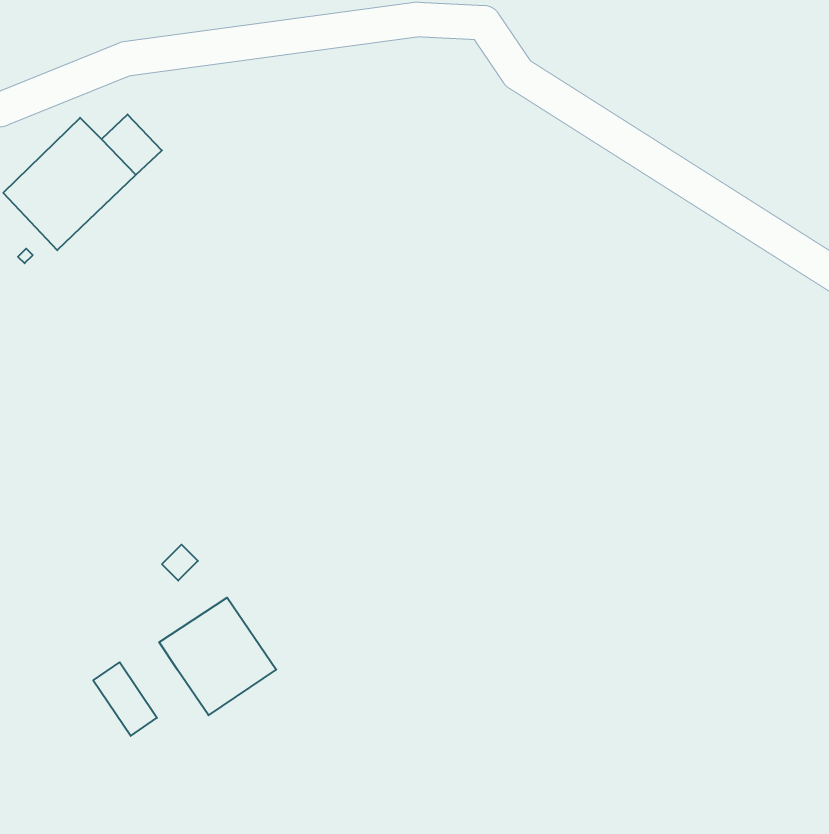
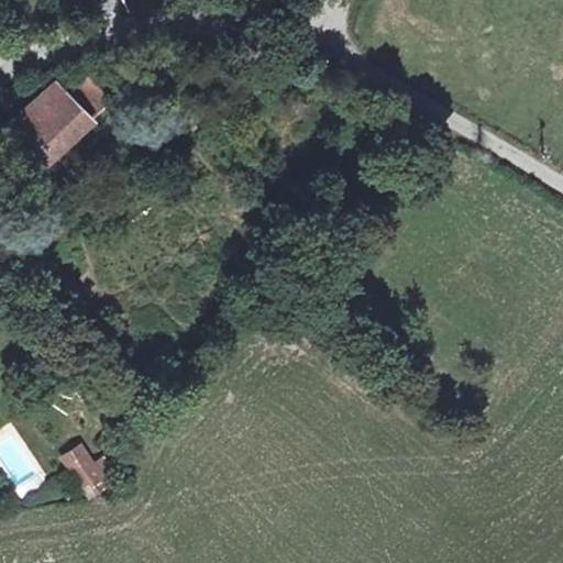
building: [159,598,276,715] -> none

